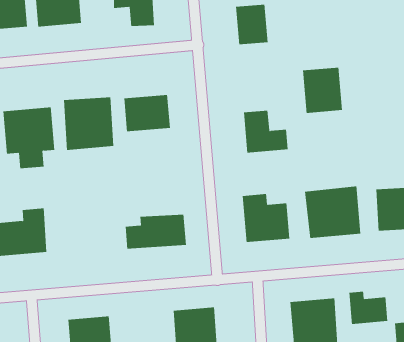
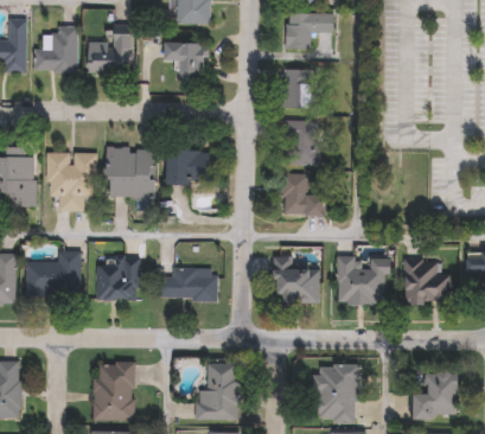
building: [302,67,343,113] -> [282,121,319,164]
building: none -> [96,257,139,300]
building: [349,291,388,325] -> none

